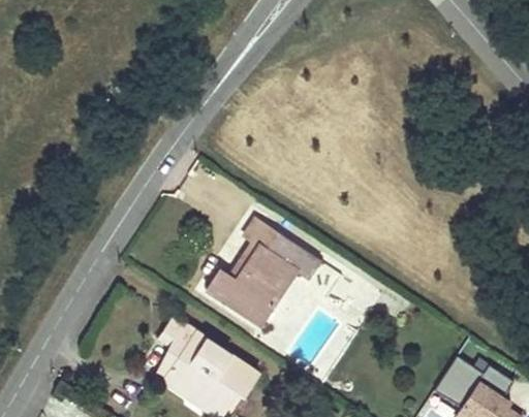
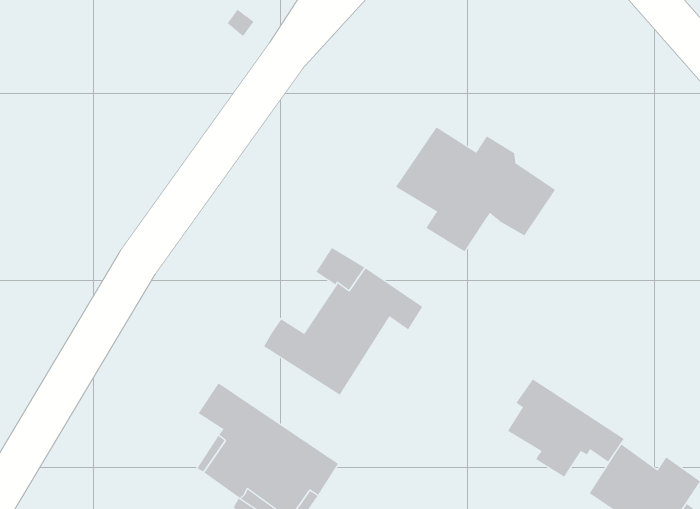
building: none -> [395,127,556,252]
building: none -> [507,378,624,478]

